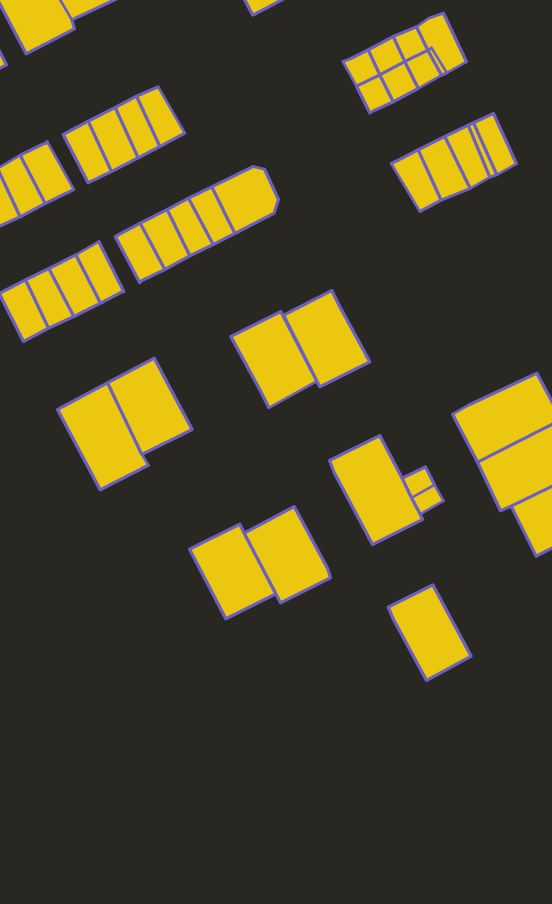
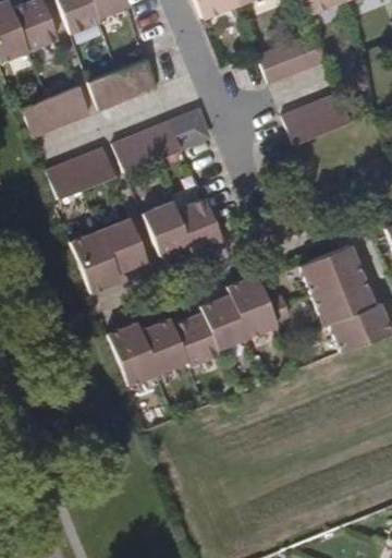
building: [284,291,370,387] -> [143,199,191,255]
building: none -> [109,322,158,385]
building: [388,585,471,681] -> [201,293,247,349]

